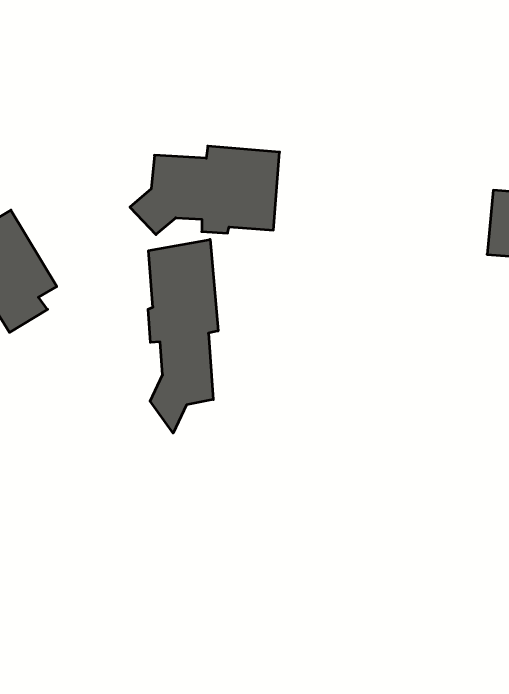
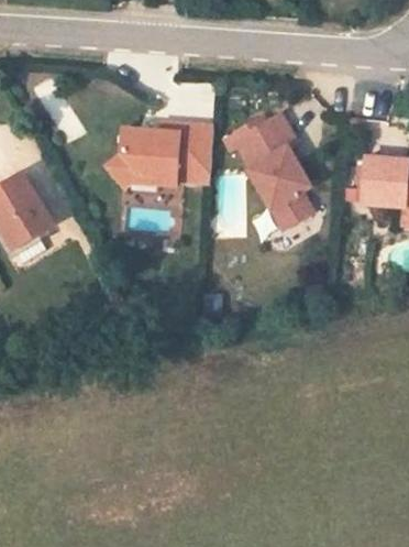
building: none -> [223,114,312,229]
building: [148,239,218,433] -> none

